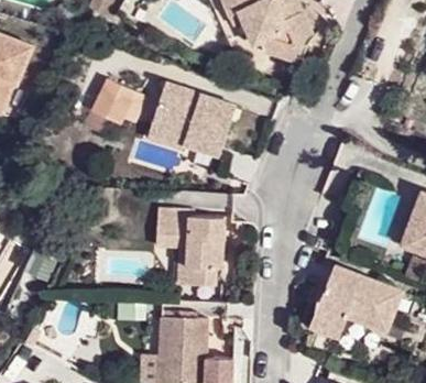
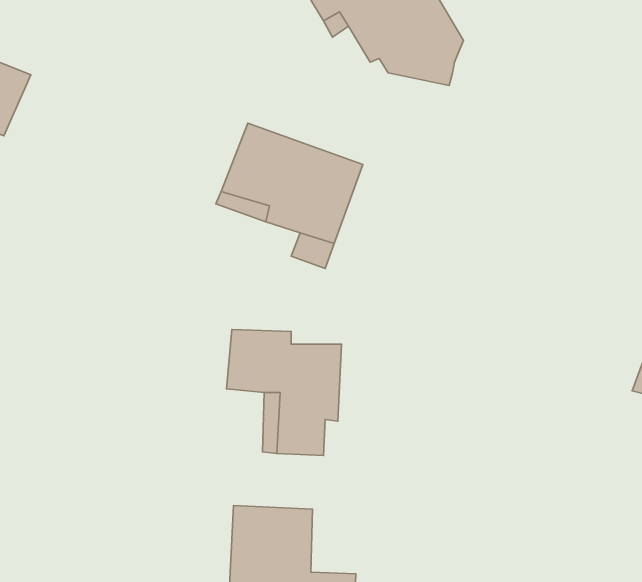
building: [94,74,134,118] -> none
building: [313,266,404,338] -> none

